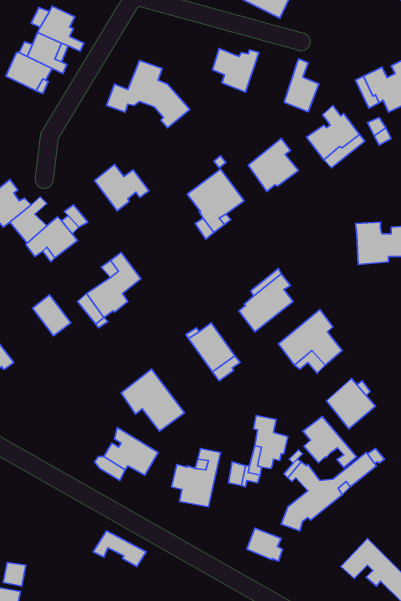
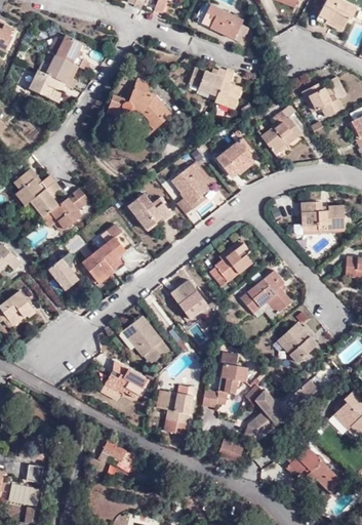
building: [284,59,319,112] -> [215,68,242,109]
building: [95,164,149,211] -> [127,194,169,230]
building: [303,416,357,467] -> none

